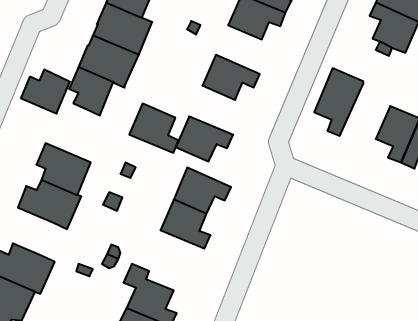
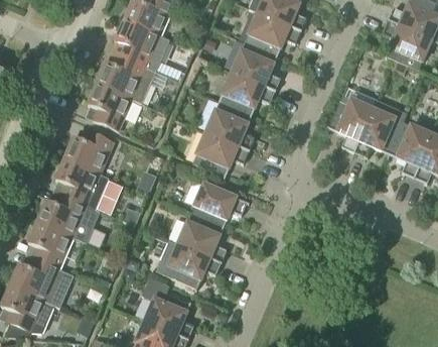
building: none -> [232,41,280,90]
building: [21,69,70,114] -> [64,129,113,172]
building: none -> [353,99,407,156]
building: [129,104,179,153] -> [205,101,254,149]
building: none -> [28,221,72,267]
building: none -> [155,239,221,287]

